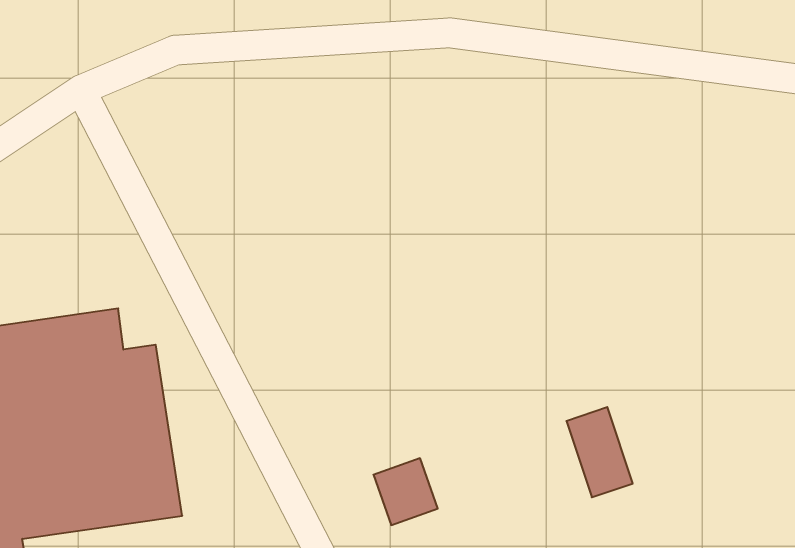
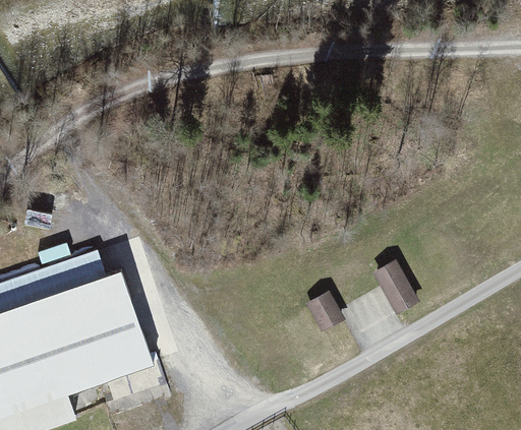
building: [373,458,438,525] -> [302,293,343,334]

